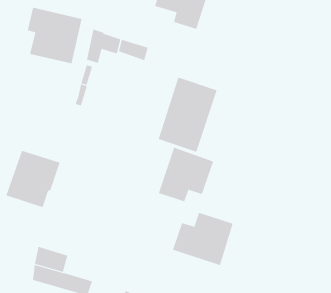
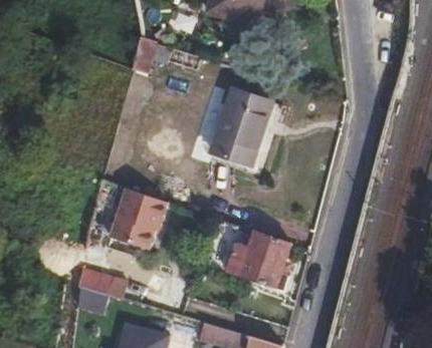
building: [27,7,82,64] -> none
building: [158,147,214,202] -> none
building: [5,150,60,208] -> [110,189,168,250]

